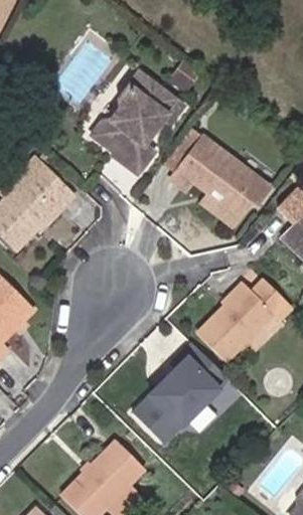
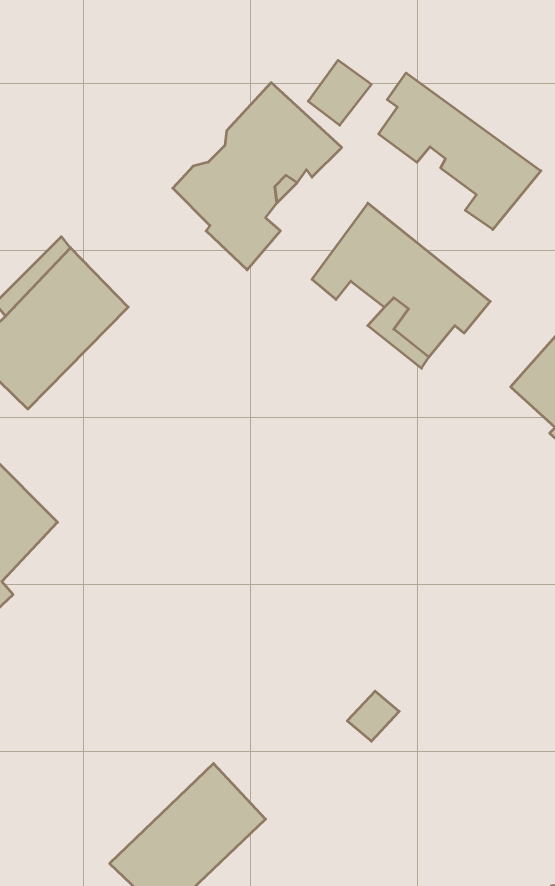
building: none -> [379,73,541,230]
building: [196,281,291,360] -> none
building: [131,350,215,443] -> none

